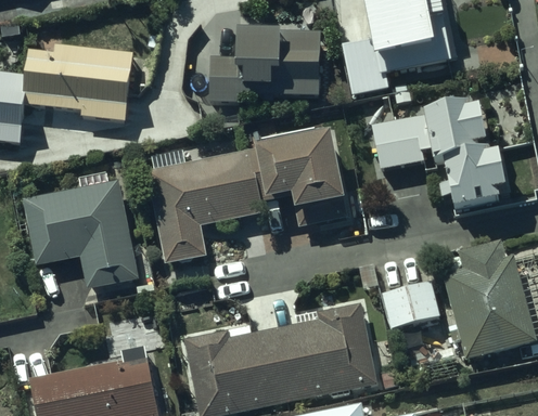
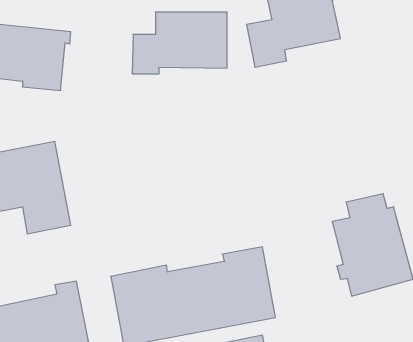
building: [372,101,505,208] -> none
building: [146,131,349,260] -> none
building: [382,281,440,329] -> none

